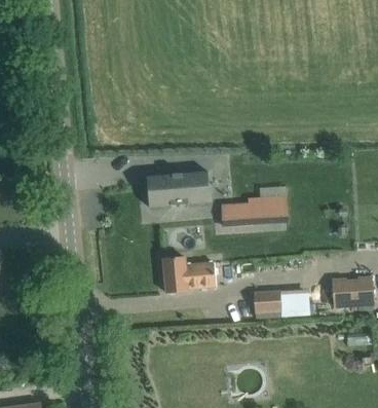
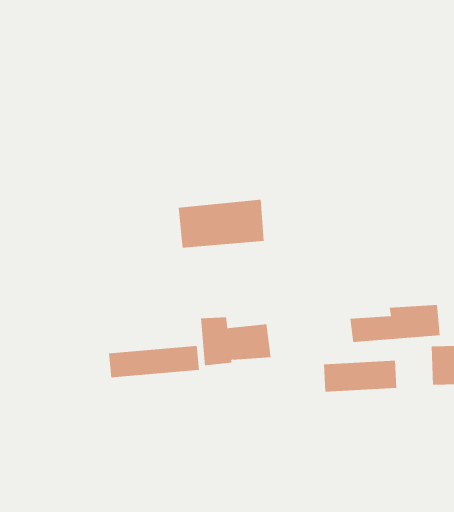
building: [222,197,289,225] -> [350,305,441,342]
building: none -> [108,345,200,378]

